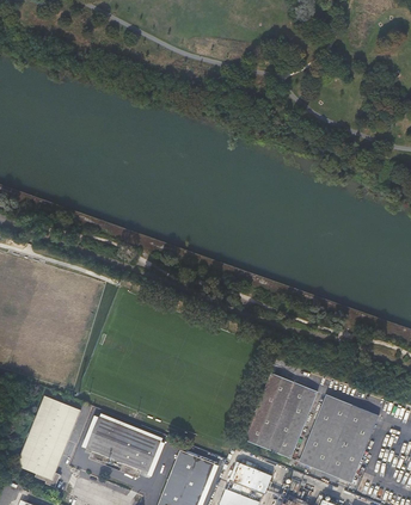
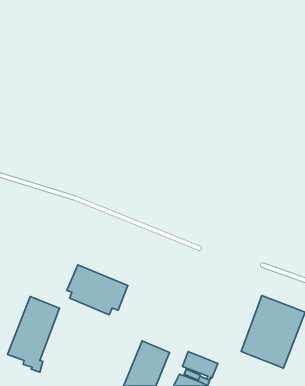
building: [245,372,318,458] -> none
building: [86,417,160,478] -> [67,265,128,315]

